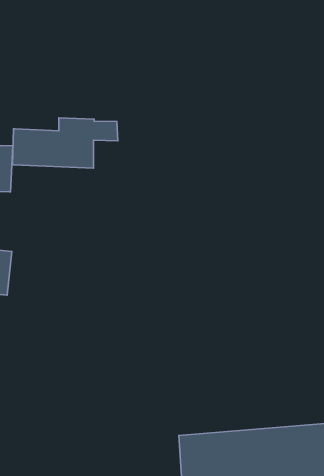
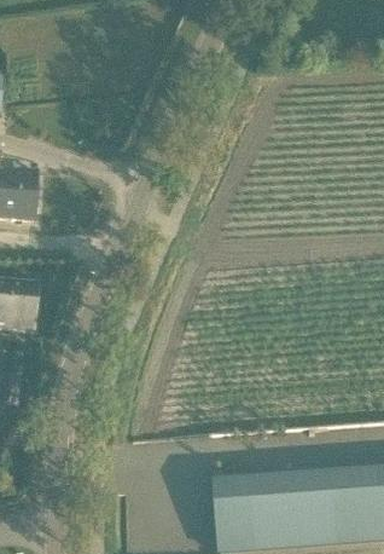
building: [13,118,118,168] -> none

